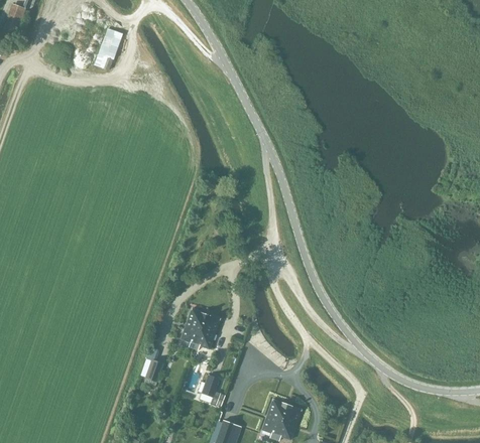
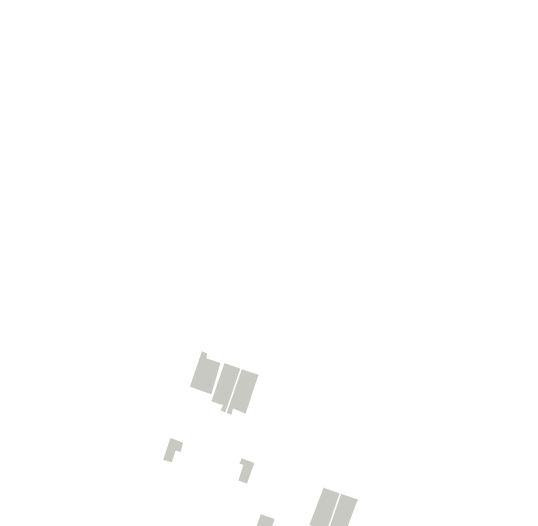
building: [94,29,122,70] -> none
building: none -> [189,351,221,396]

